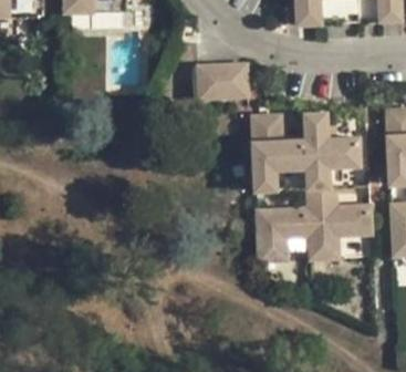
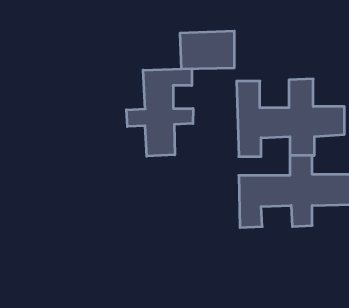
building: none -> [126,69,193,156]

